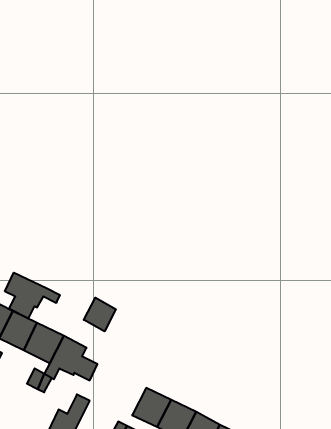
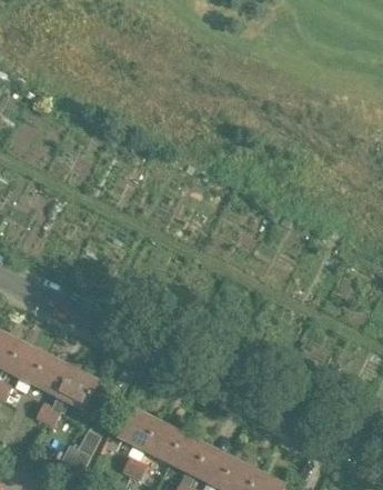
building: [5,273,60,319] -> none
building: [84,298,116,331] -> none
building: none -> [118,408,158,449]

